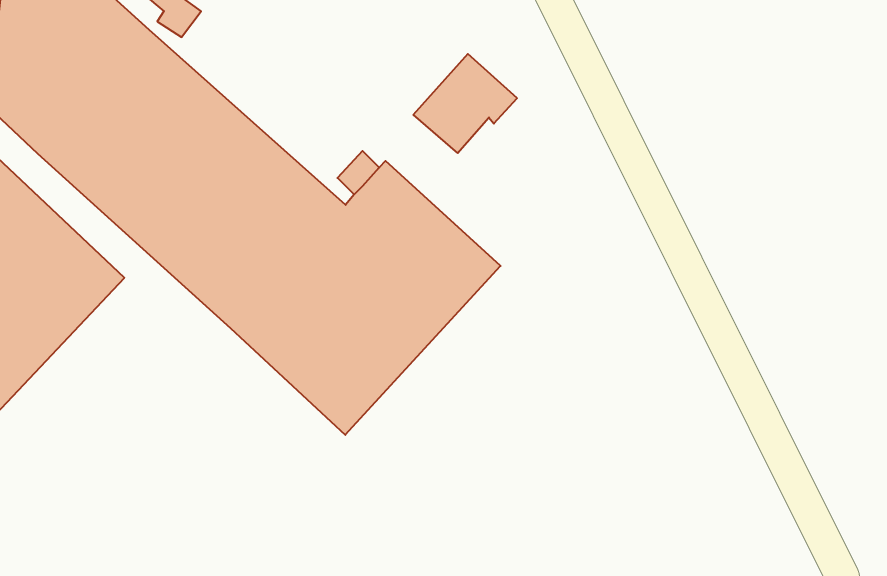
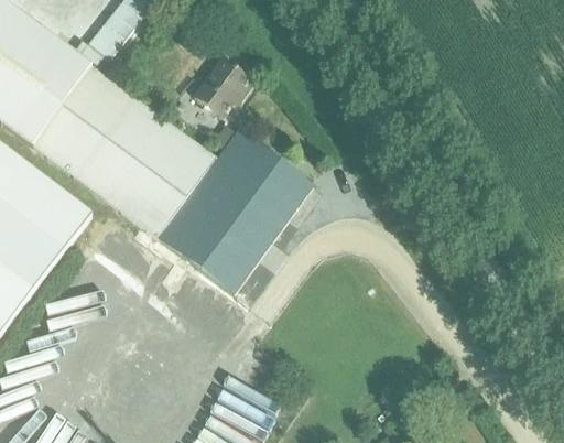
building: [413,54,517,153] -> [193,57,253,117]

